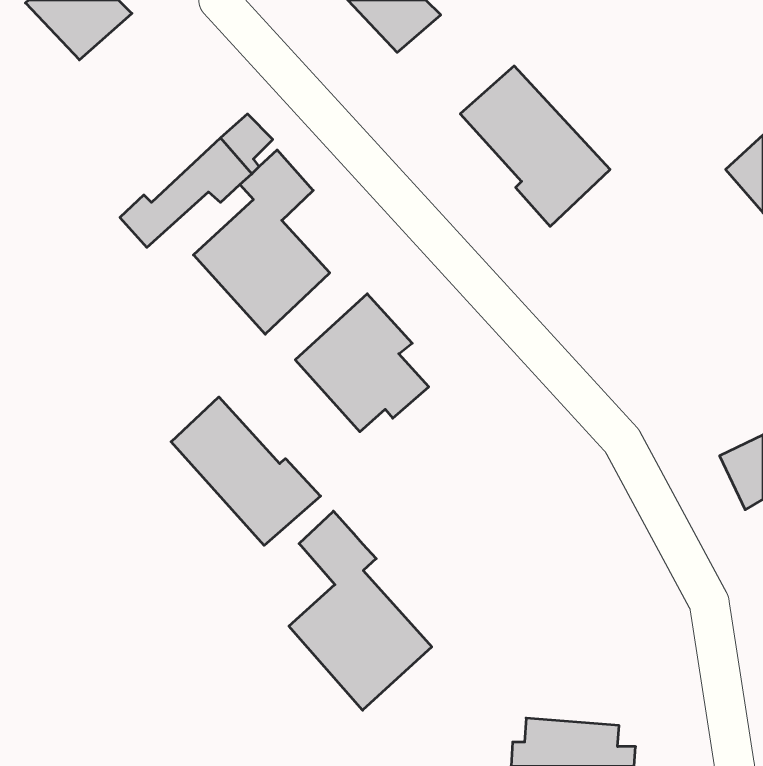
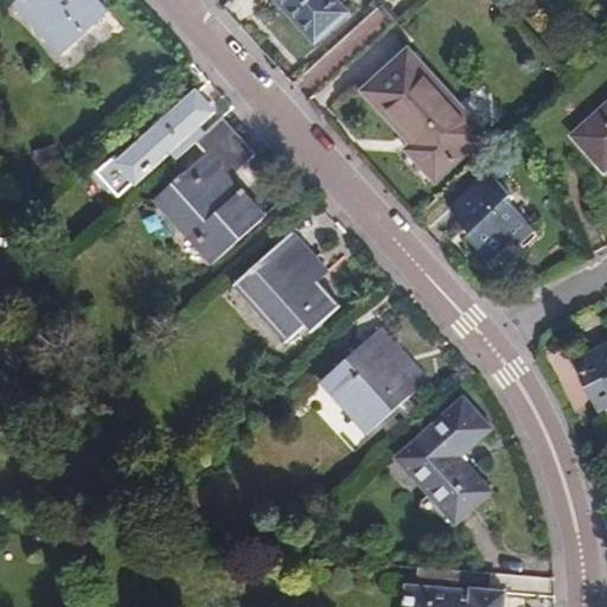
building: none -> [451,174,536,264]
building: [171,397,321,545] -> none
building: none -> [320,326,426,430]
building: none -> [395,397,494,520]
building: [289,511,432,710] -> none

